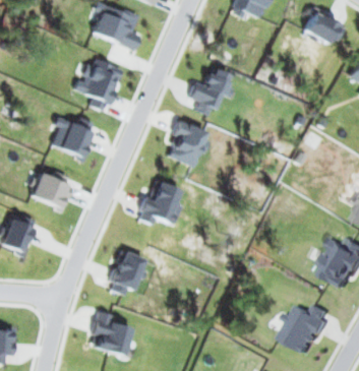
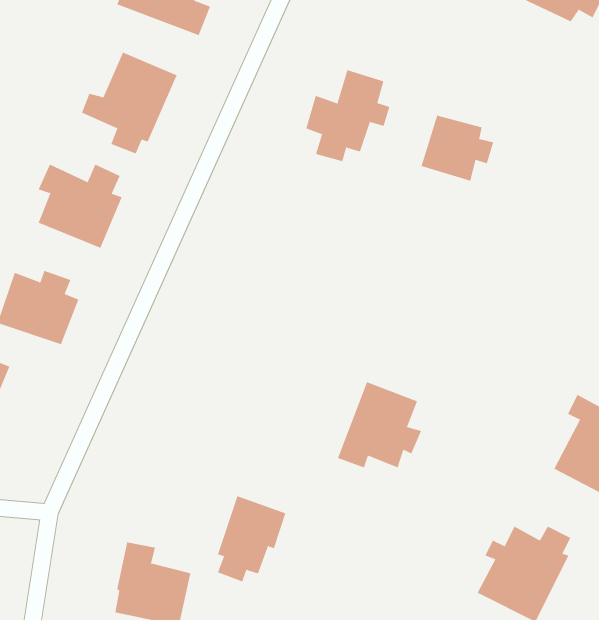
building: none -> [421,115,494,181]
building: [166,120,210,166] -> none
building: [138,180,182,225] -> [337,381,422,468]
building: [111,250,146,295] -> [217,496,286,582]

